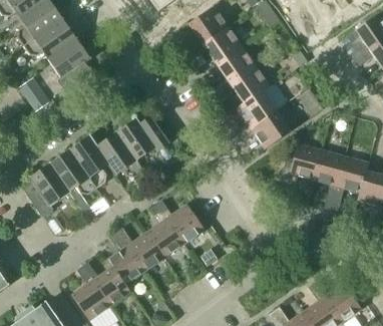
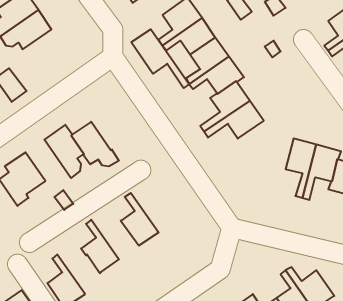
building: none -> [131,29,189,88]
building: [47,38,92,91] -> none
building: [116,116,169,160] -> none
building: [281,142,321,182] -> none
building: [50,149,96,195] -> none
building: [156,200,205,244] -> none
building: [116,228,164,271] -> none
building: [82,262,131,306] -> none

